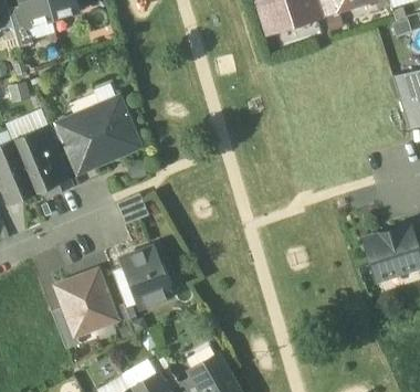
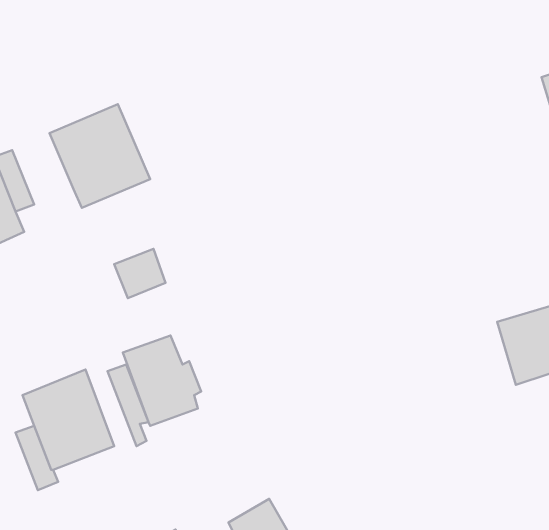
building: [57,116,90,160] -> none

